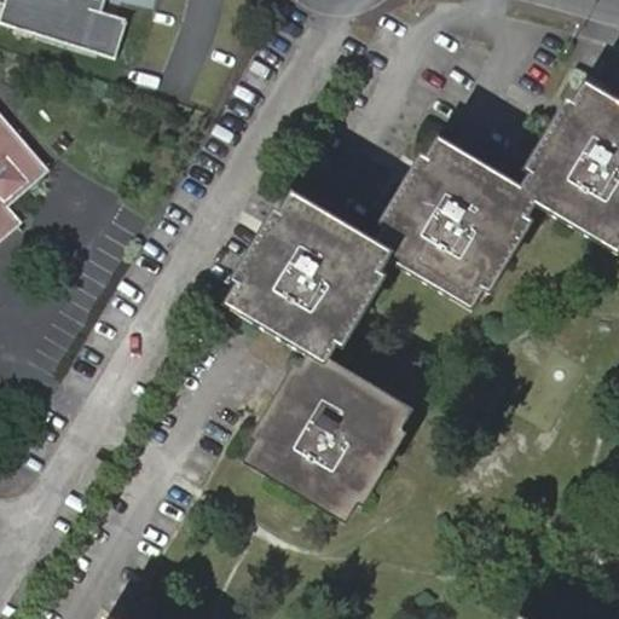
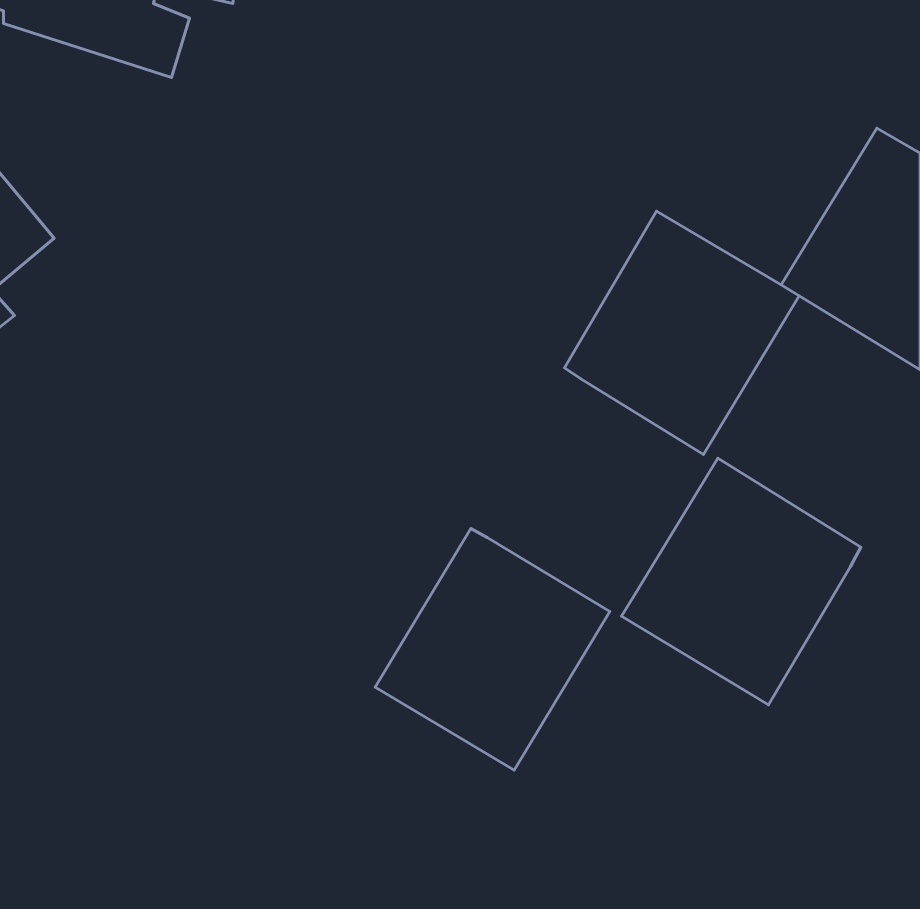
building: [231,197,389,360] -> none
building: none -> [622,458,861,705]

